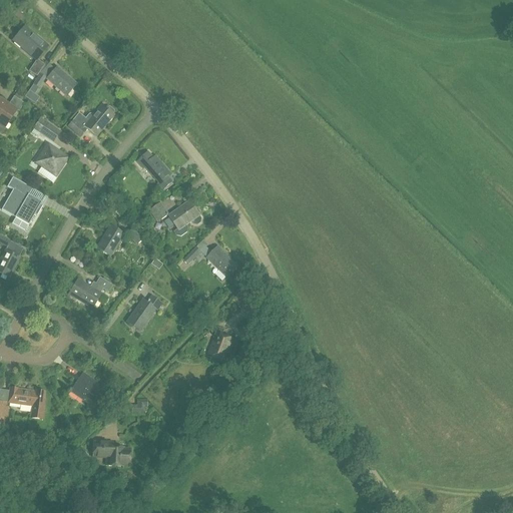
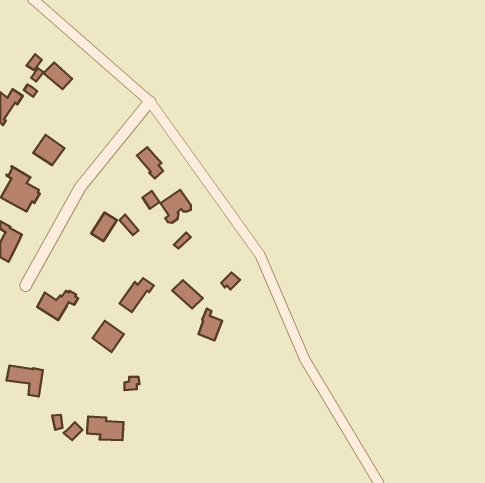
building: [13,25,48,56] -> none
building: [67,103,114,136] -> none
building: [30,116,61,141] -> none
building: [206,245,238,276] -> [172,280,203,309]
building: [69,276,112,307] -> [37,291,78,320]
building: [69,372,102,405] -> [93,321,124,352]

